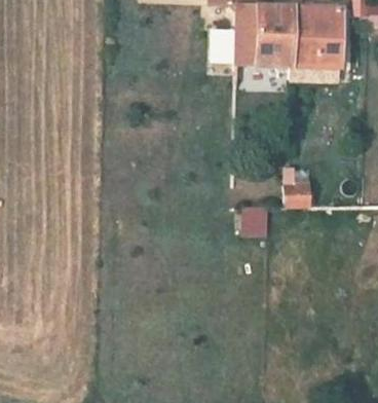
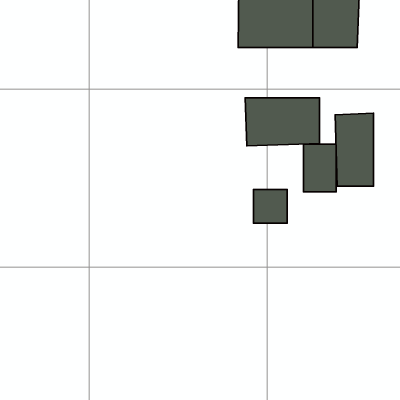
building: none -> [245,98,320,146]
building: none -> [335,113,374,186]

